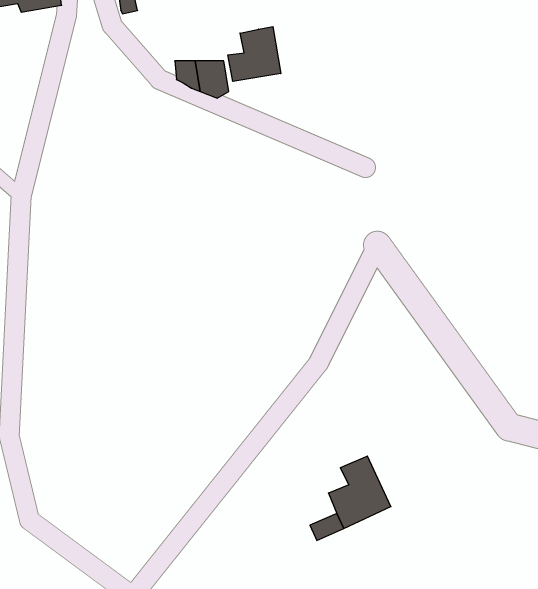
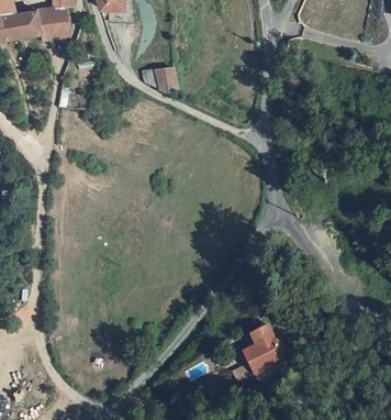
building: [228,27,281,81] -> none

